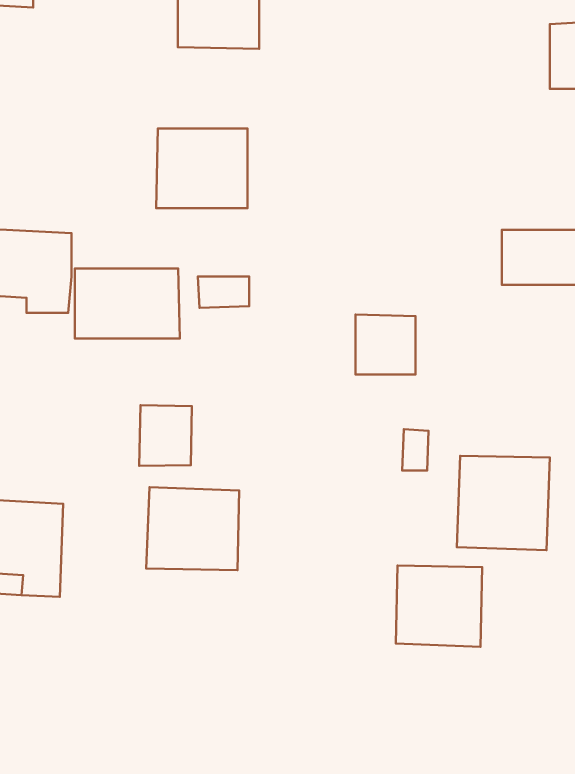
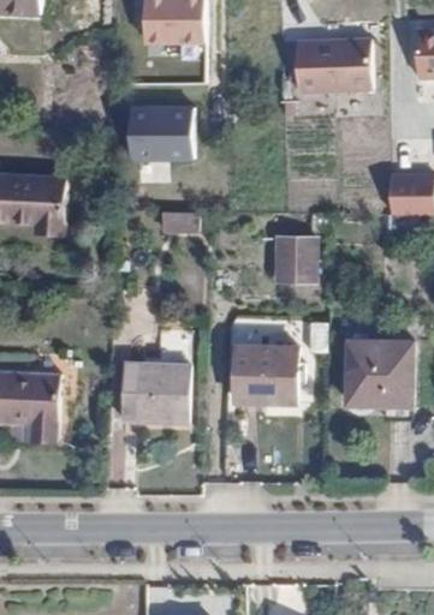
building: none -> [295,42,368,95]
building: [75,268,180,339] -> none
building: [139,405,192,466] -> none
building: [396,566,482,647] -> [234,346,297,405]

